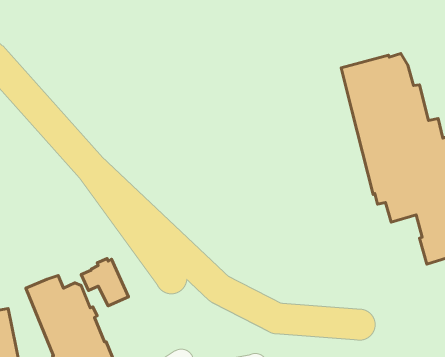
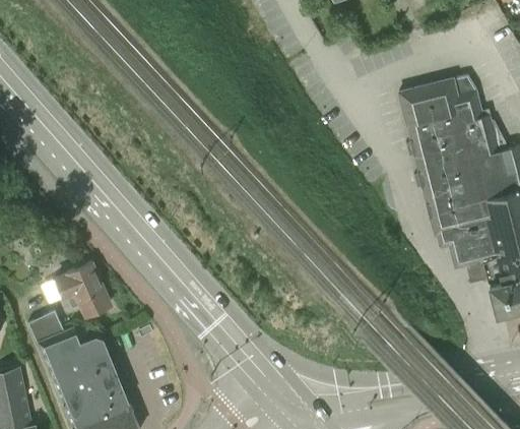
building: [81,258,129,306] -> [58,262,112,316]
building: none -> [32,313,65,345]

